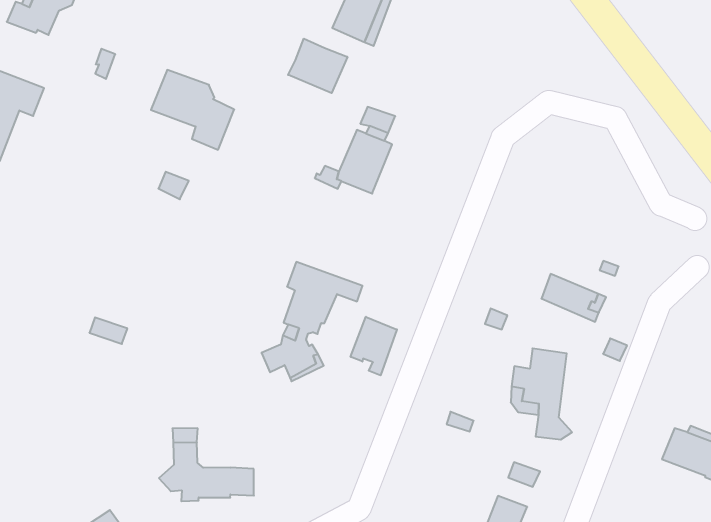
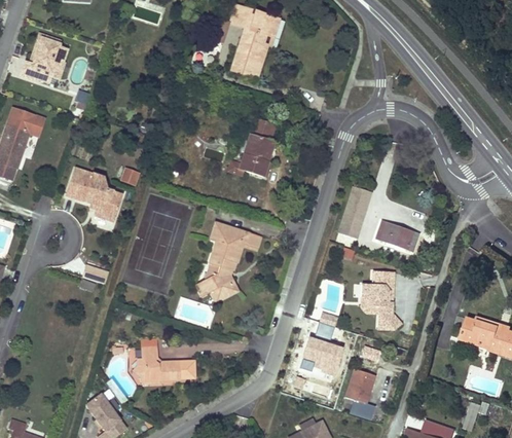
building: [288,39,347,93] -> none
building: [151,70,234,150] -> [66,168,120,218]
building: none -> [338,187,370,239]
building: [351,317,397,375] -> none
building: none -> [301,338,342,375]

